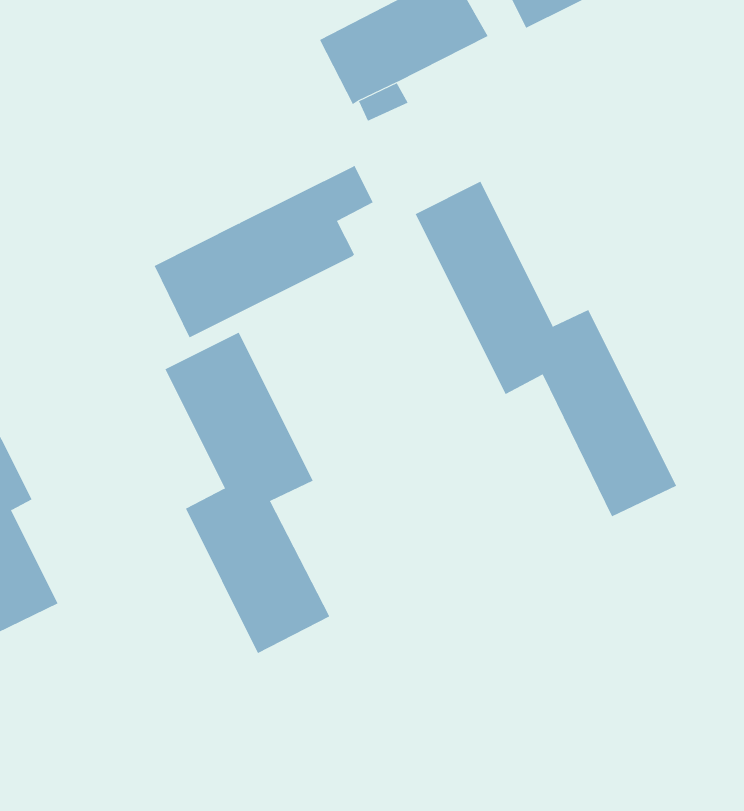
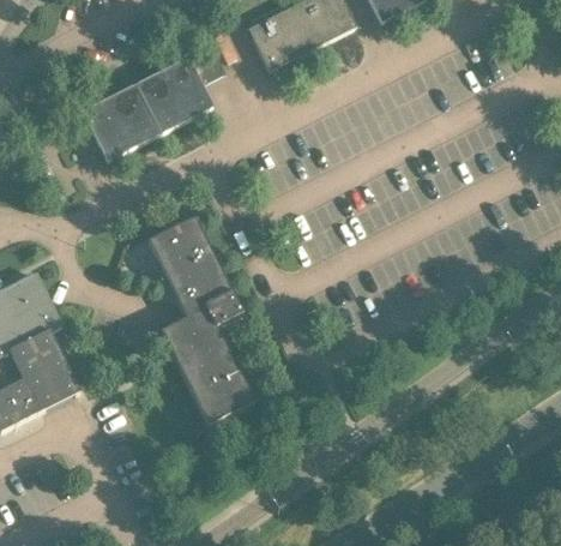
building: [154,165,373,338] -> [83,47,224,158]
building: [415,181,677,517] -> none

